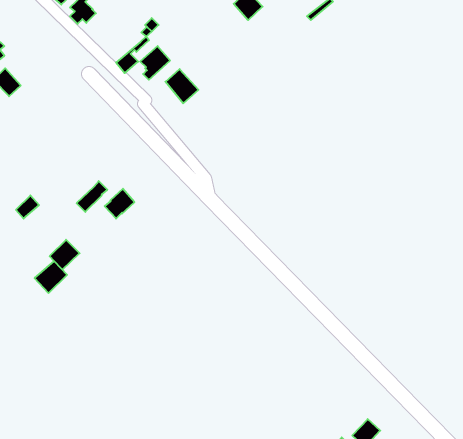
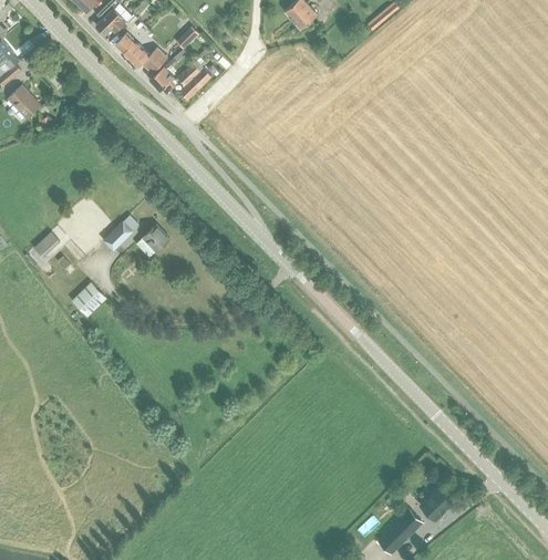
building: none -> [115,33,167,74]
building: [165,69,198,103] -> none
building: [35,261,67,293] -> none

